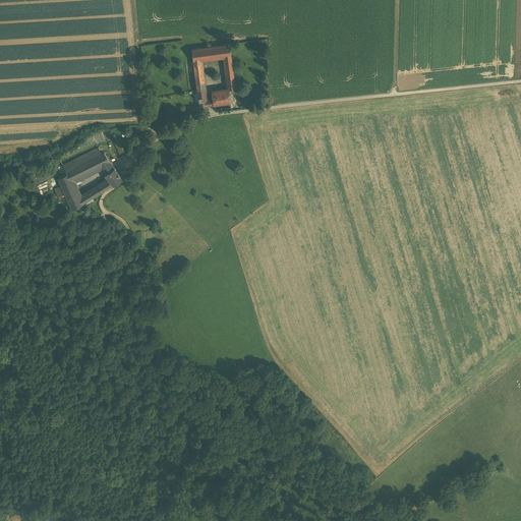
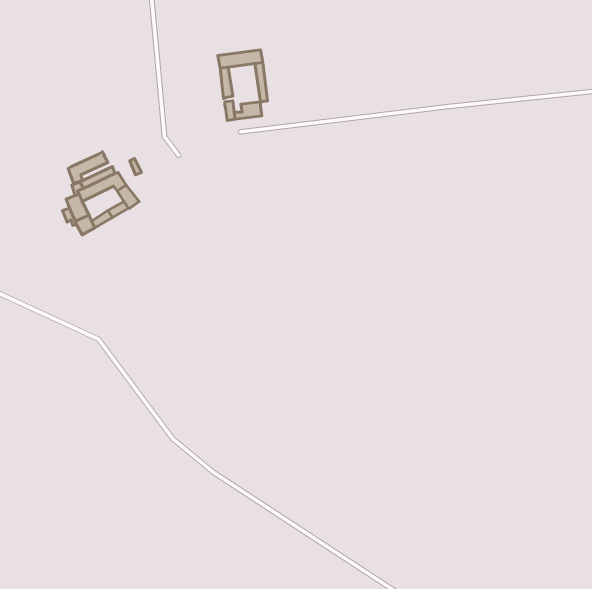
building: none -> [68,152,108,183]

